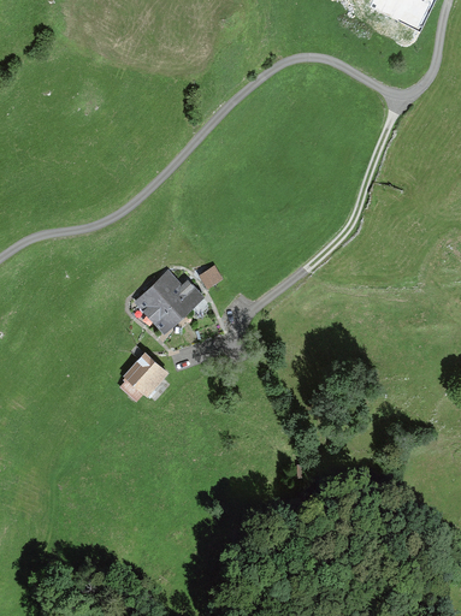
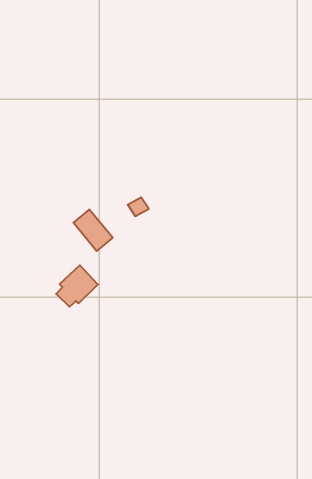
building: [153,271,205,316] -> none

